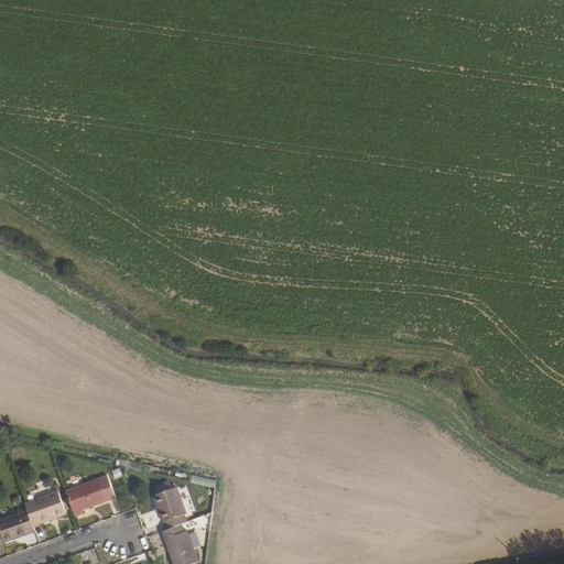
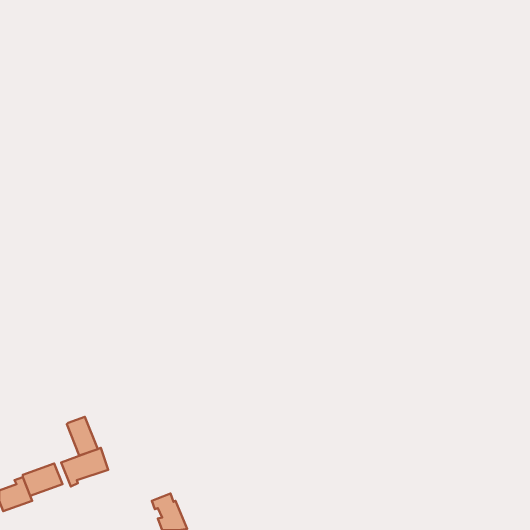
building: none -> [67,417,98,456]
building: [153,487,187,529] -> none

